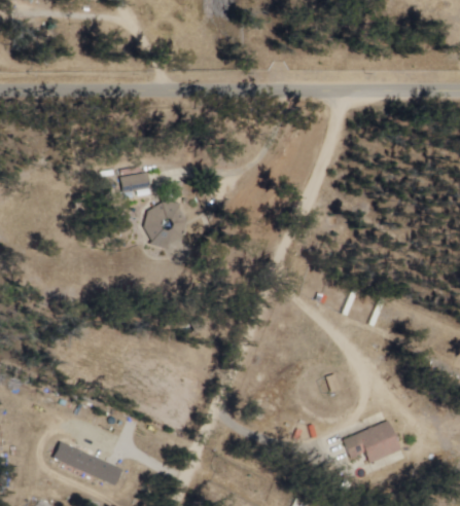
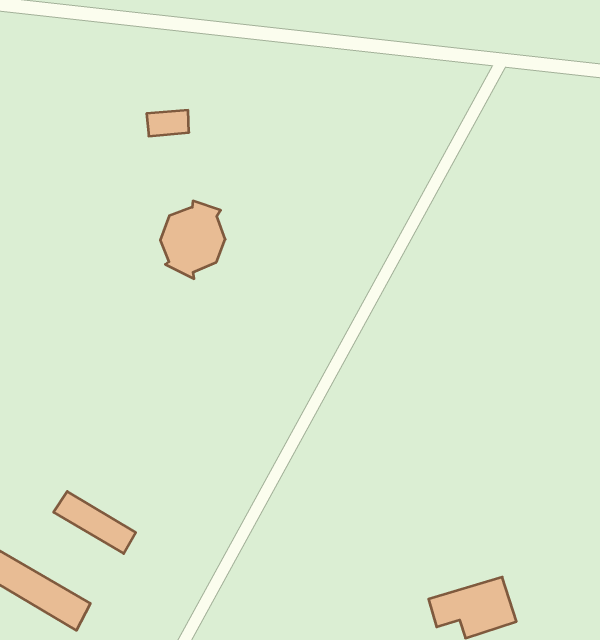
building: [119,172,148,191] -> [147,110,189,136]
building: none -> [54,491,136,554]

